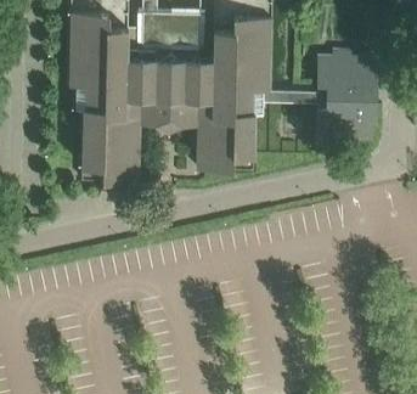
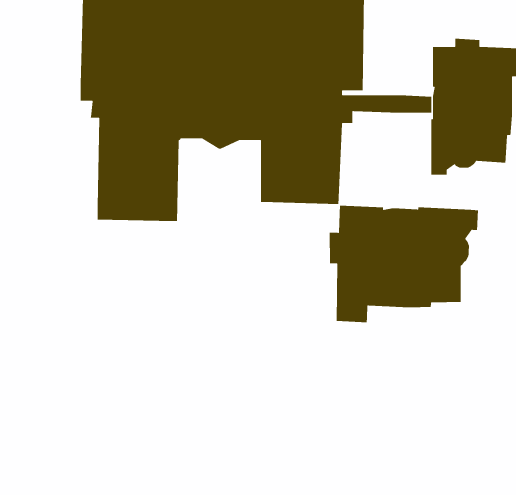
building: none -> [329,205,479,323]

